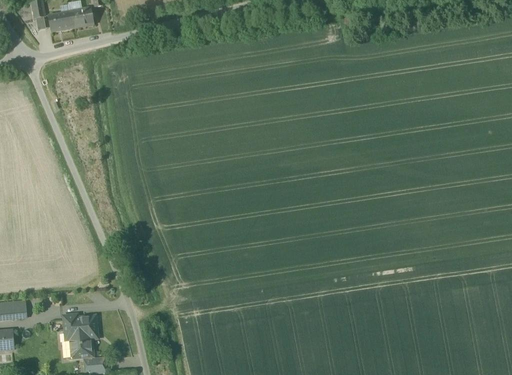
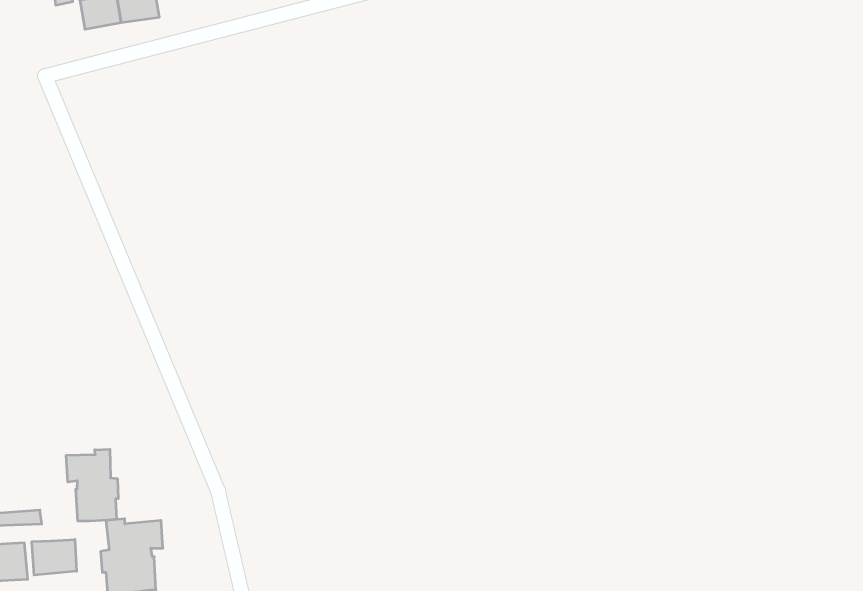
building: none -> [66,449,118,521]
building: none -> [32,539,77,575]

